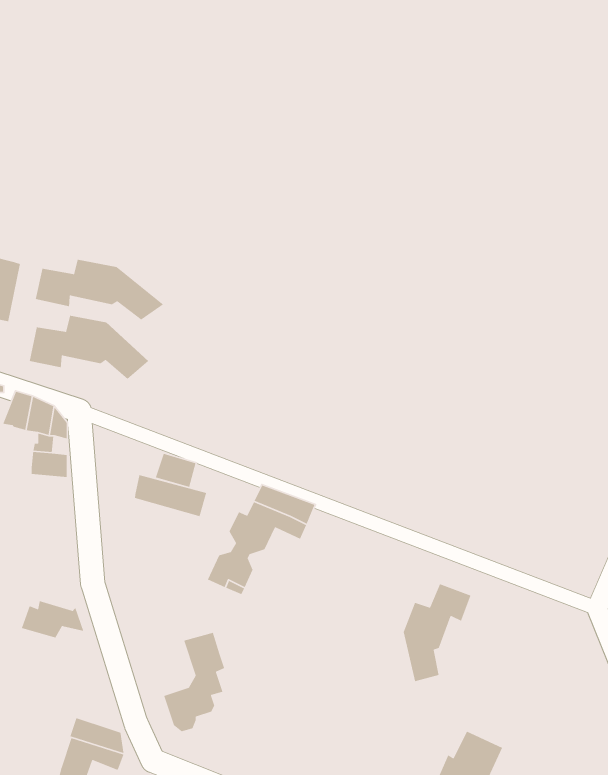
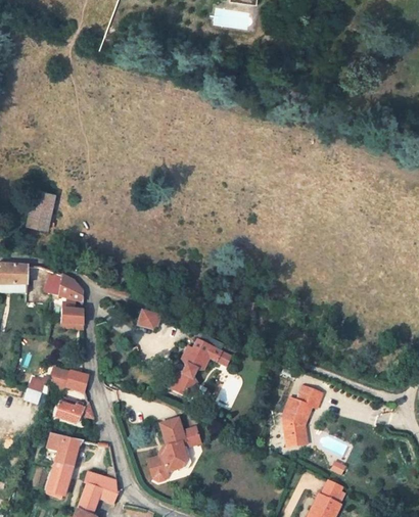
building: [35,259,164,320] -> none
building: [29,315,149,380] -> none
building: [134,474,207,517] -> none
building: none -> [47,368,87,393]
building: none -> [171,428,194,472]
building: none -> [47,434,80,497]

